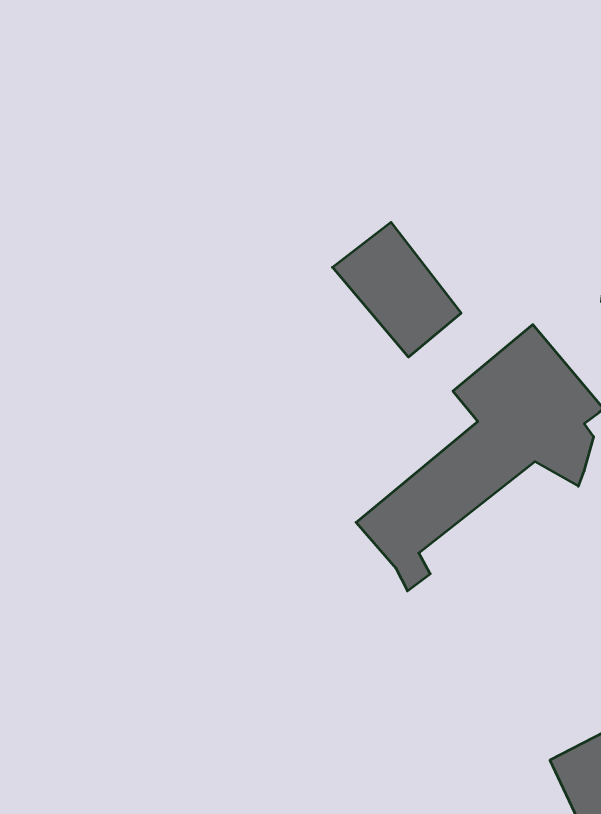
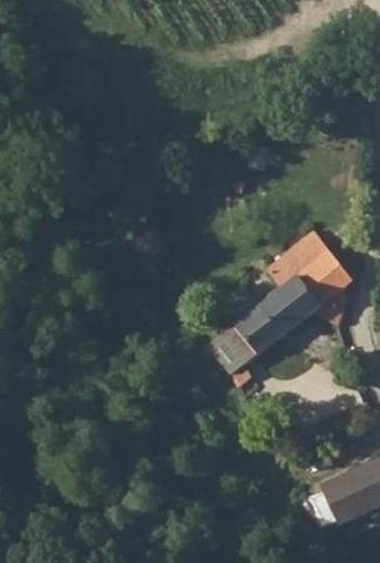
building: [332,222,461,357] -> none

